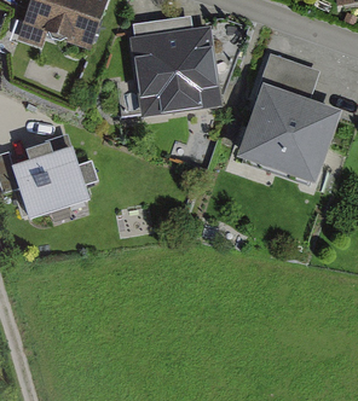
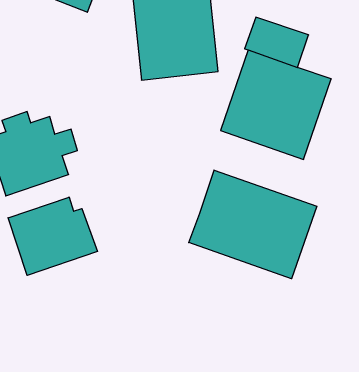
building: none -> [189,170,317,279]
building: none -> [8,197,97,275]

